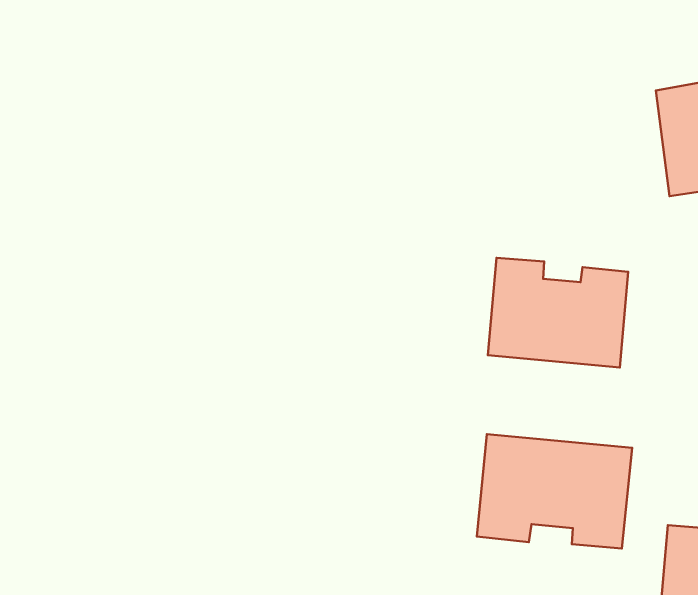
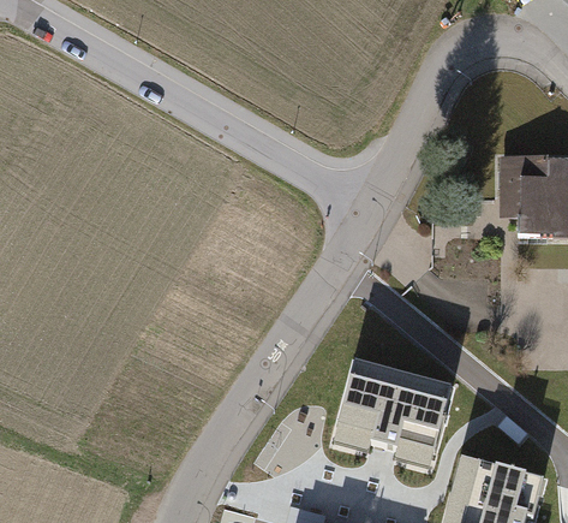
building: [488,258,628,367] -> none

